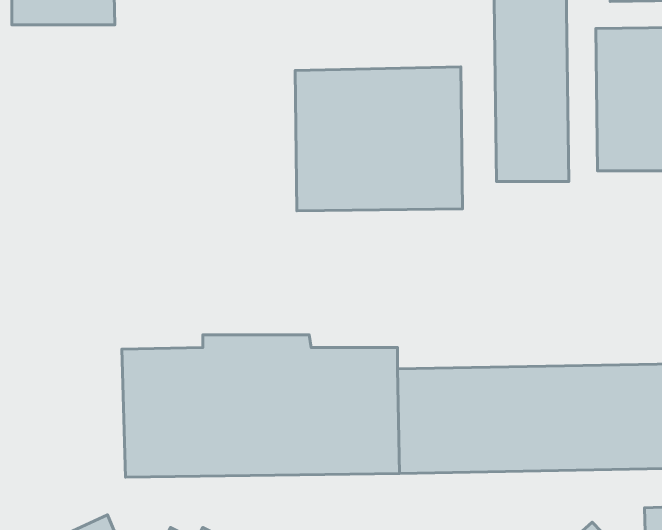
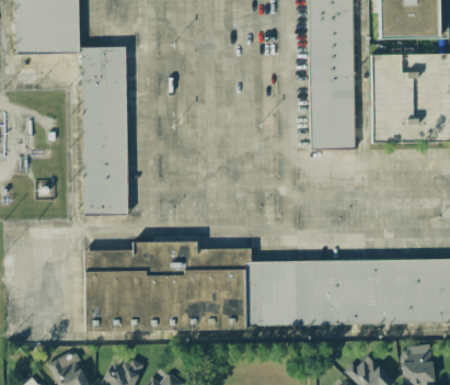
building: none -> [81,47,127,215]
building: [295,67,463,211] -> none

